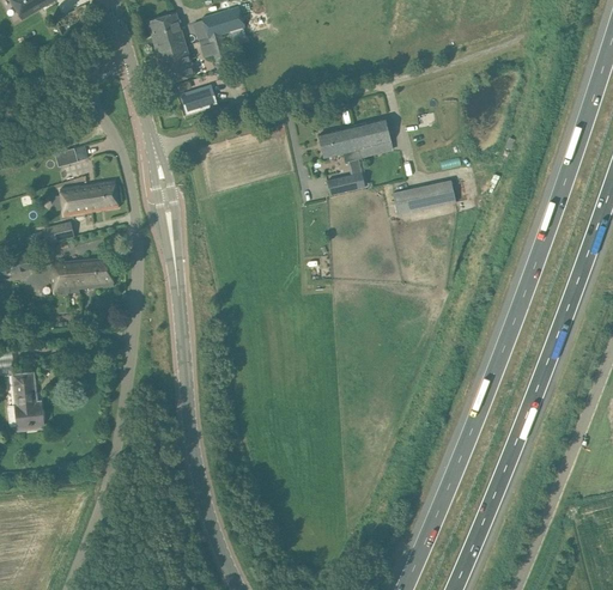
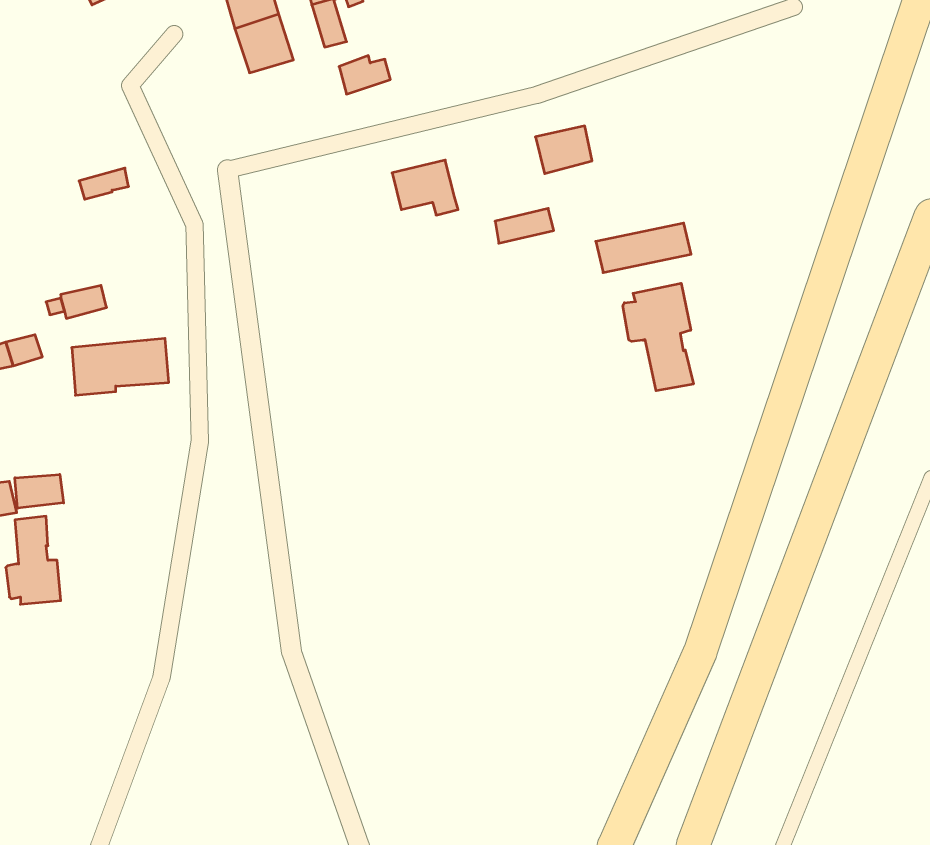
building: [182,87,216,112] -> [339,56,390,94]
building: [318,124,362,160] -> [392,160,458,215]
building: [60,180,119,215] -> none
building: none -> [623,283,693,391]
building: none -> [15,474,64,508]

